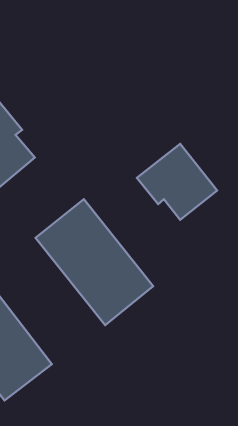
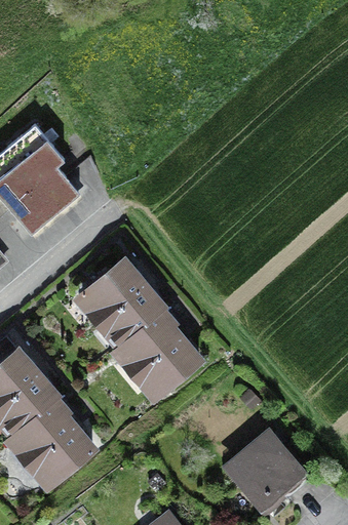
building: [137,144,217,220] -> none
building: none -> [229,439,305,516]

